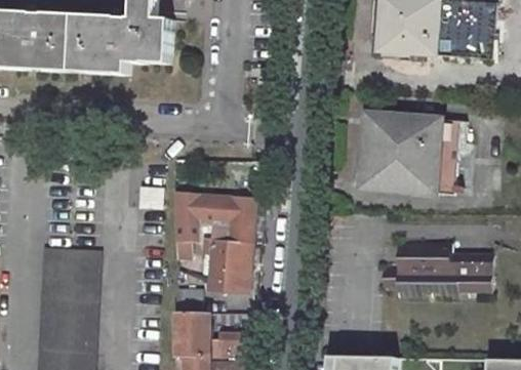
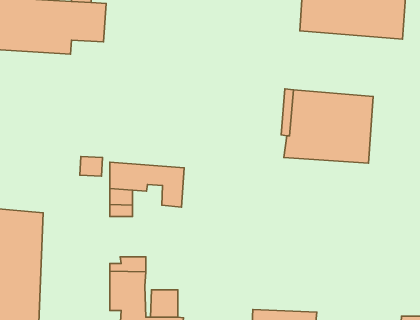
building: [207,217,249,291] -> none
building: [382,242,493,298] -> none

